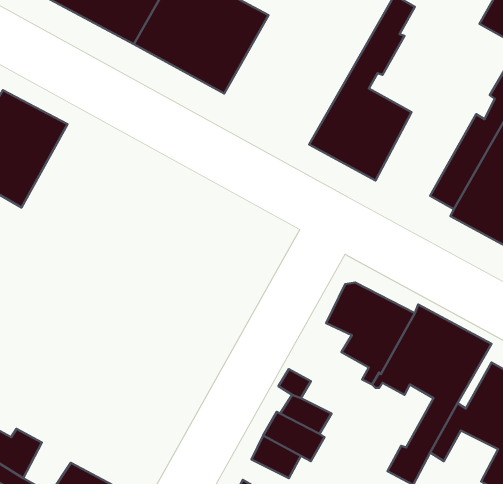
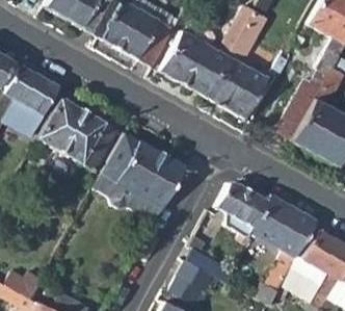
building: none -> [161,19,248,98]
building: none -> [38,97,120,172]
building: none -> [94,132,185,222]

